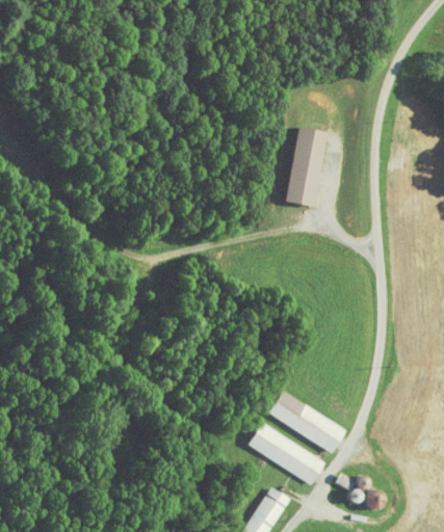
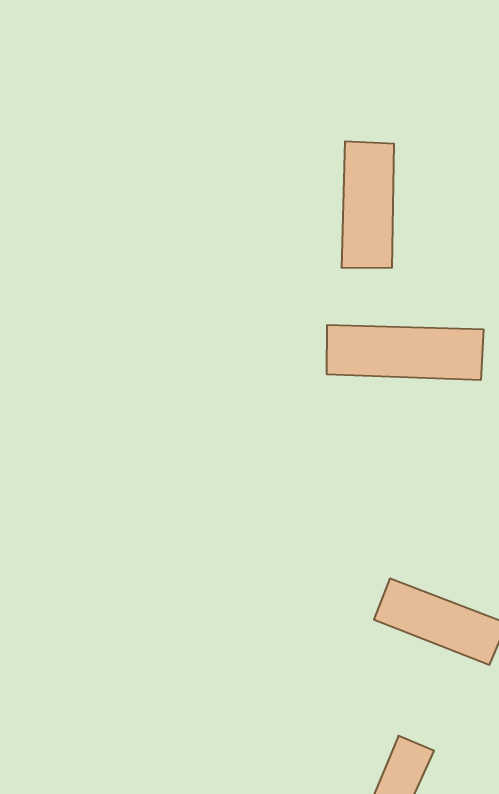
building: none -> [327,325,483,380]
building: [247,424,325,485] -> none

